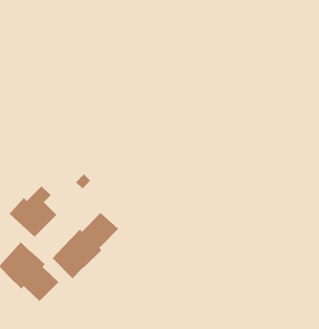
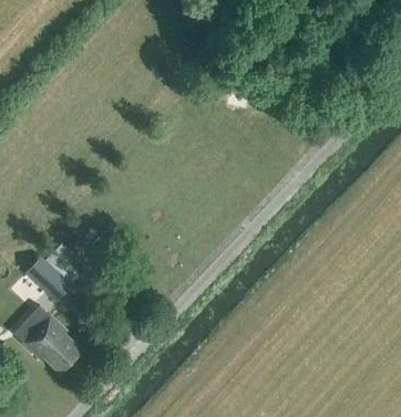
building: [52,212,119,279] -> none

